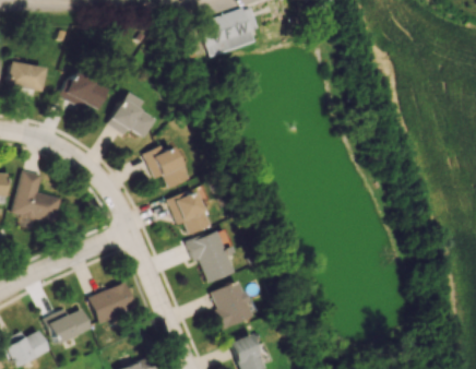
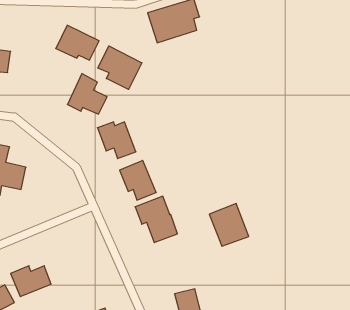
building: none -> [98,46,142,89]
building: [59,70,108,109] -> [56,25,99,60]
building: [210,279,254,328] -> [209,204,249,246]
building: [88,281,136,322] -> none

